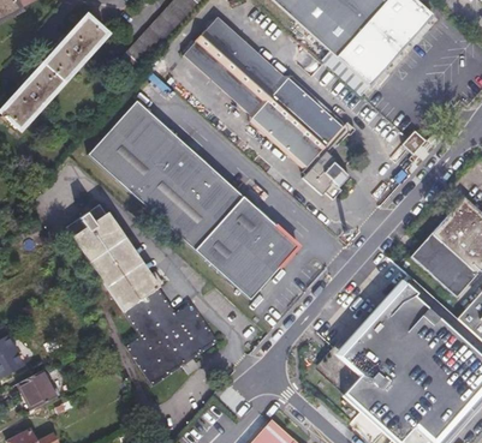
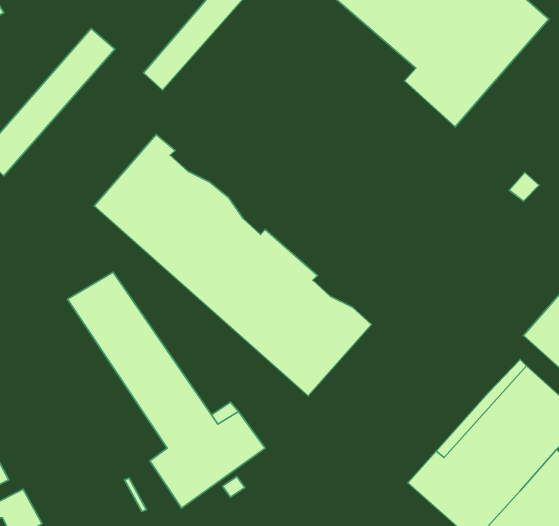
building: [185,18,356,200] -> none

